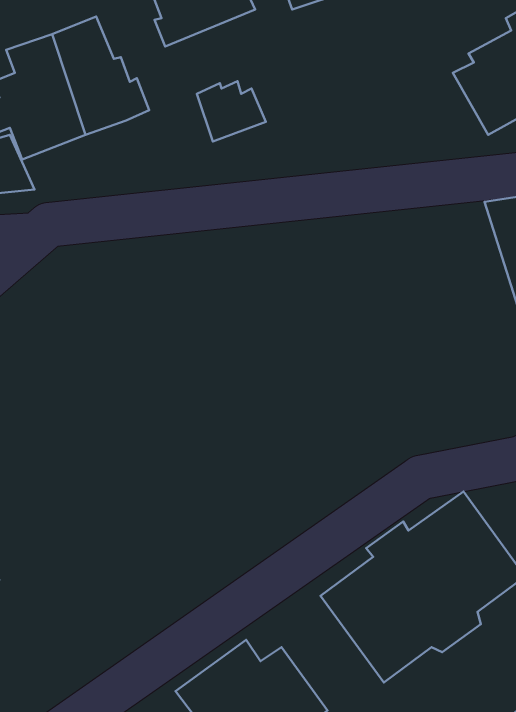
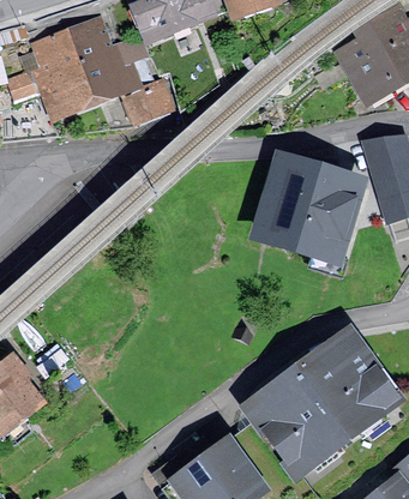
building: [197,81,266,141] -> [122,80,169,121]
building: none -> [259,163,360,258]

